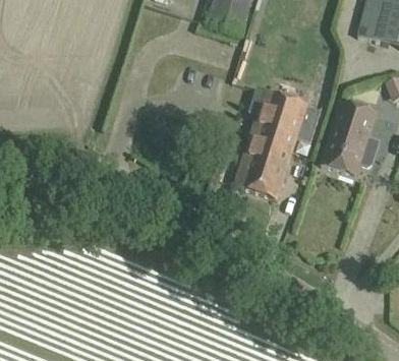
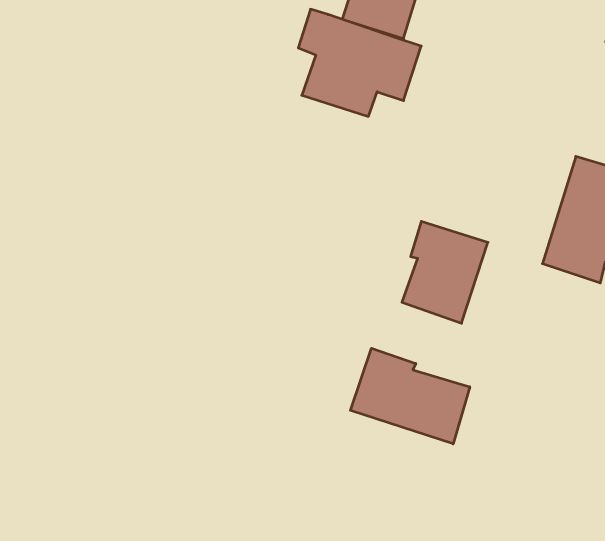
building: [249,88,321,151] -> [298,9,421,116]
building: none -> [350,348,470,444]

